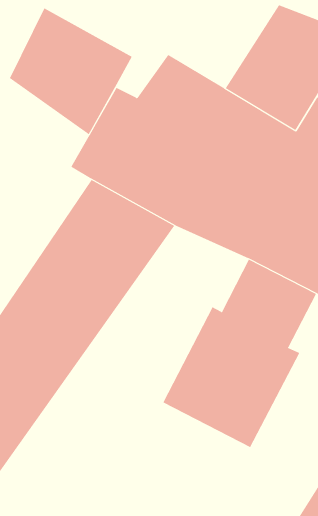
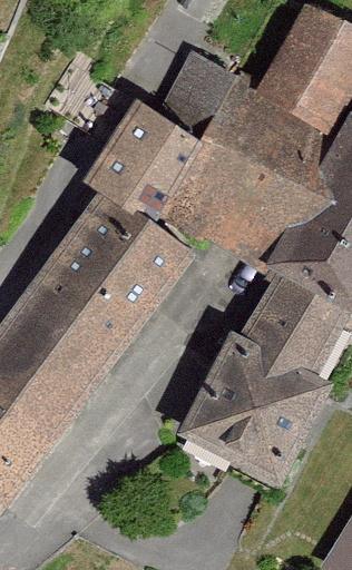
building: [9,7,132,135] -> none

